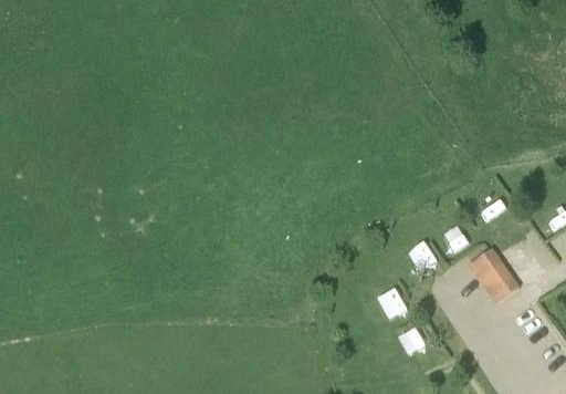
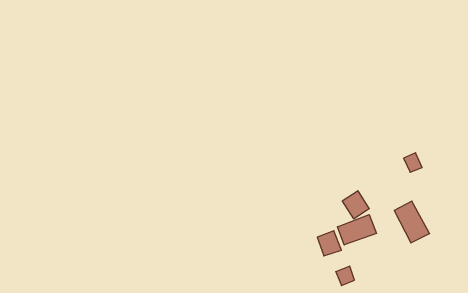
building: none -> [337,215,377,245]

